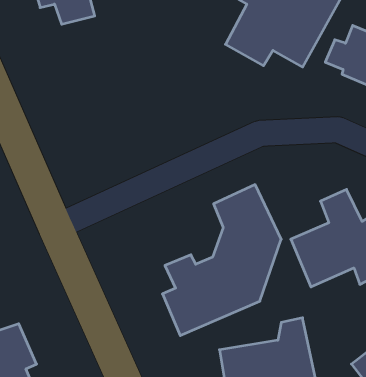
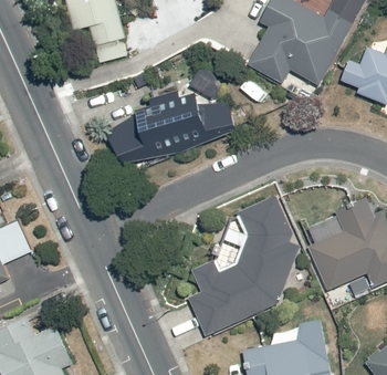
building: none -> [104,90,234,164]

